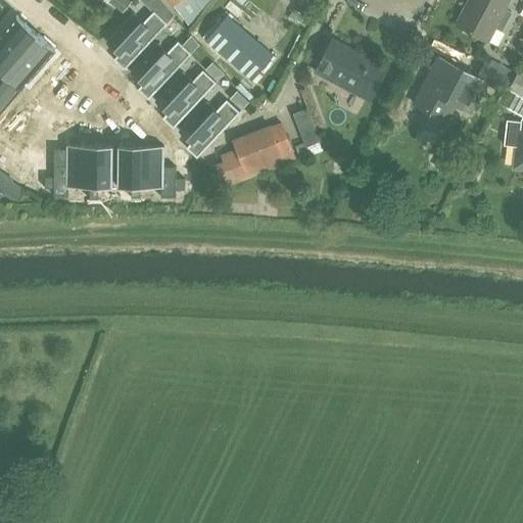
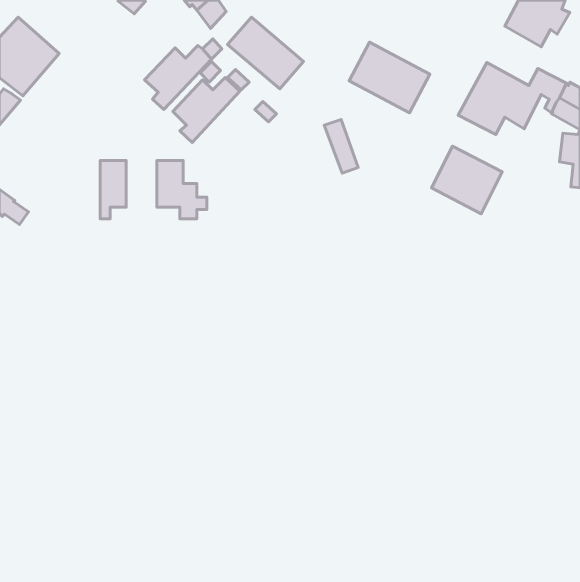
building: [106,10,167,68] -> none
building: [179,99,239,157] -> none
building: [213,122,295,188] -> none
building: none -> [431,146,502,214]
building: [46,144,90,196] -> none
building: [117,144,141,196] -> none

